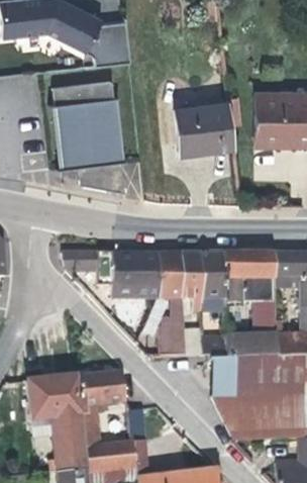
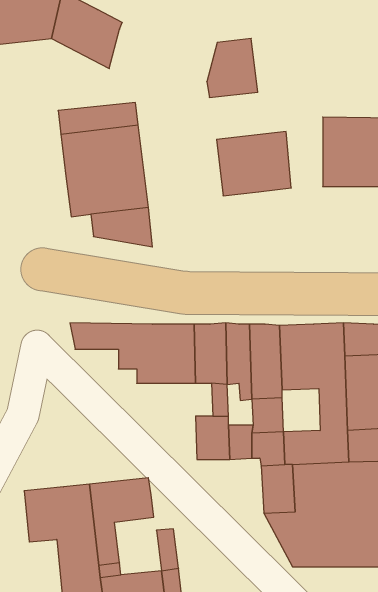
building: [92,21,131,67] -> [207,38,258,97]

